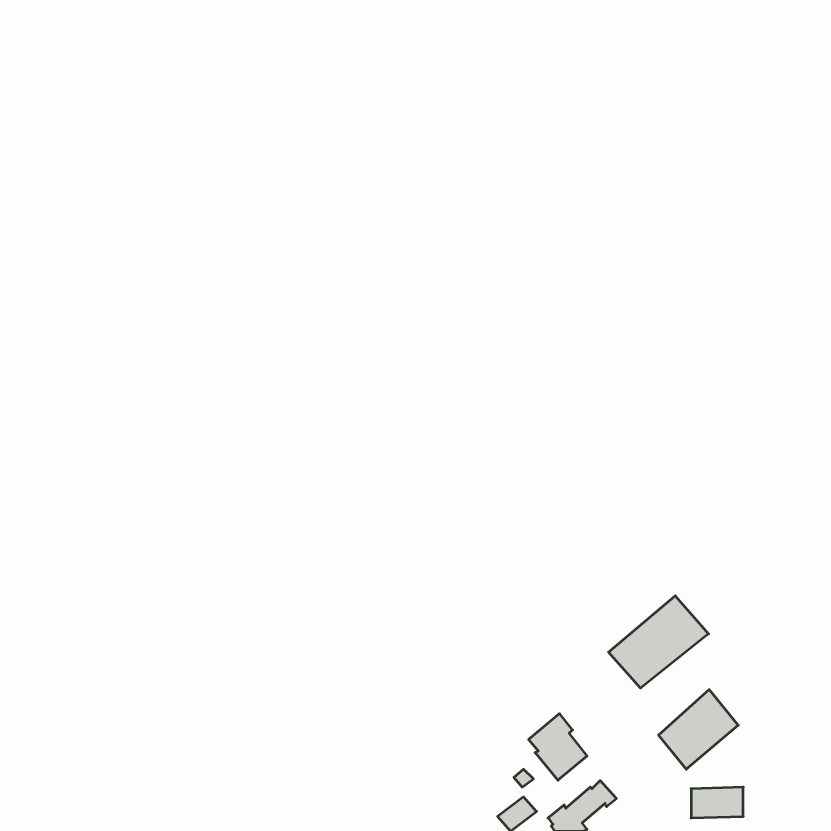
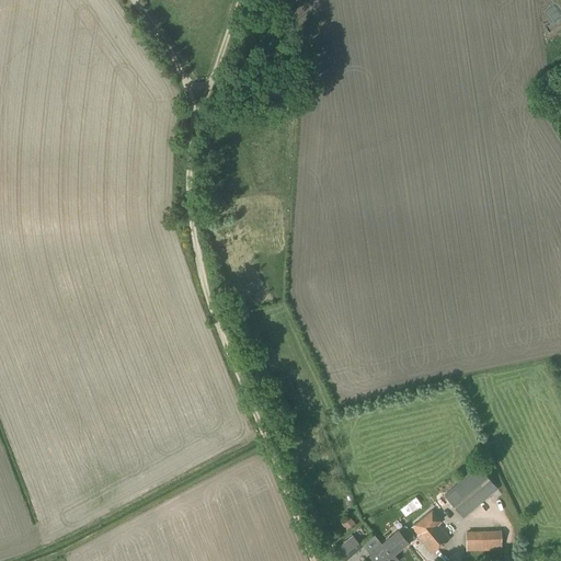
building: [609,596,709,688] -> none
building: [529,714,587,780] -> [411,510,450,554]

